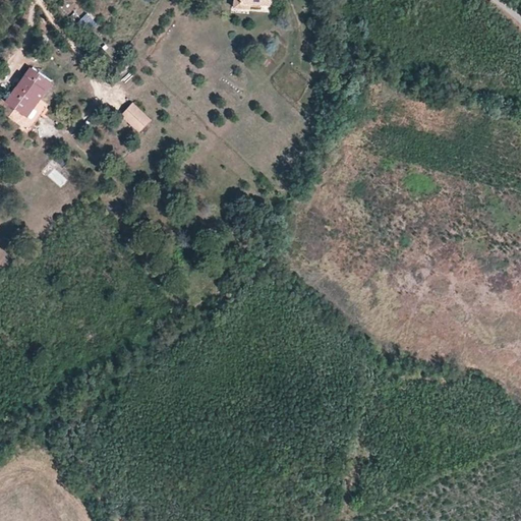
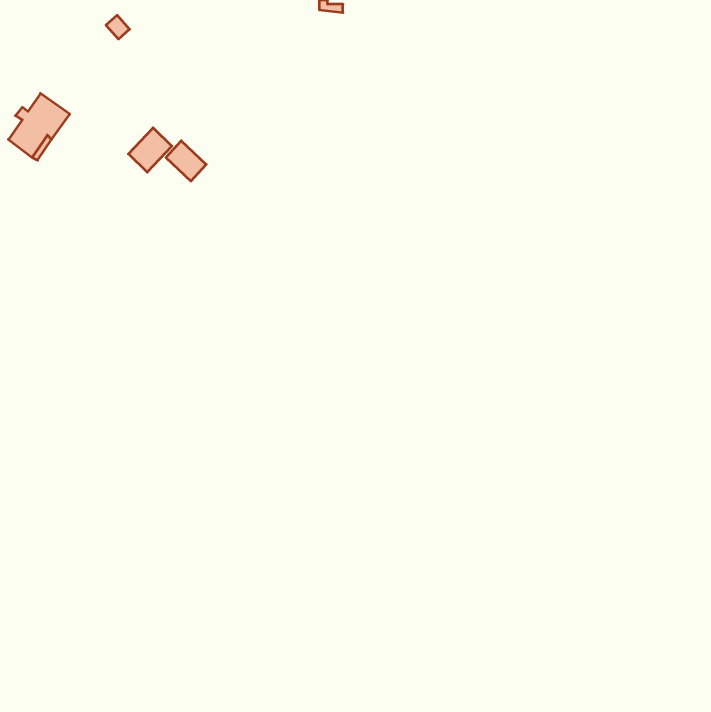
building: none -> [128,128,172,172]

